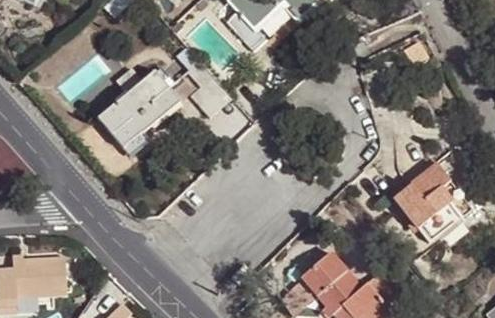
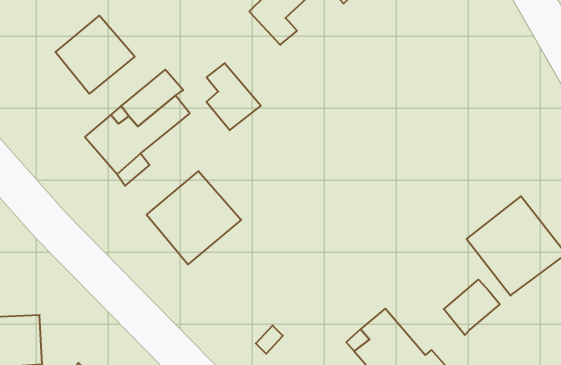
building: none -> [55,16,135,94]
building: none -> [147,171,241,265]
building: none -> [444,280,500,335]

